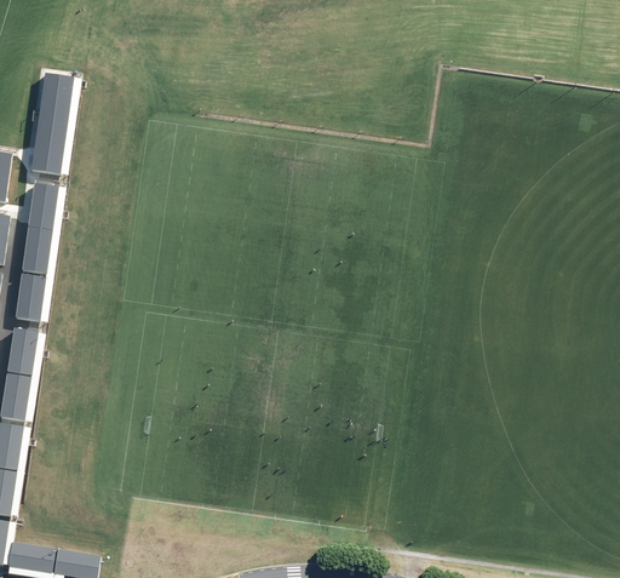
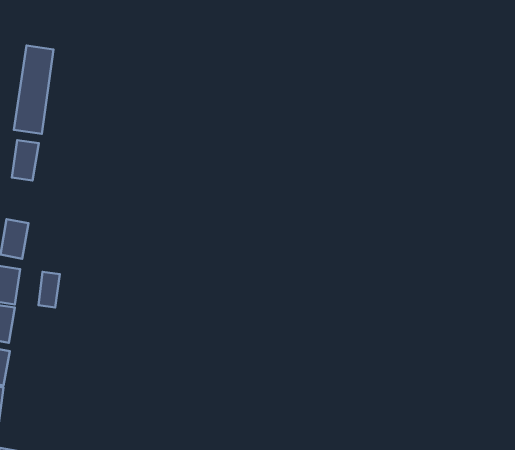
building: [21,227,51,274] -> none
building: none -> [38,272,60,307]

